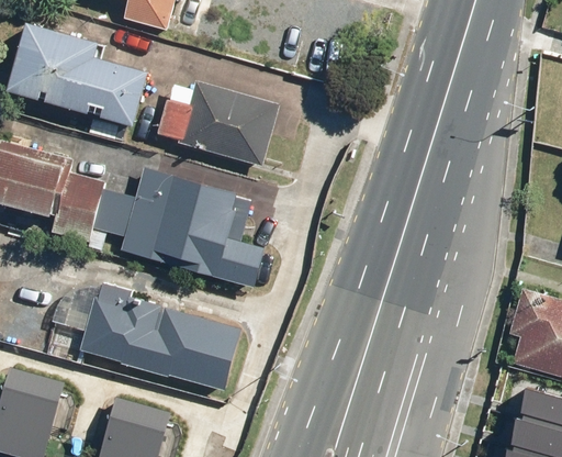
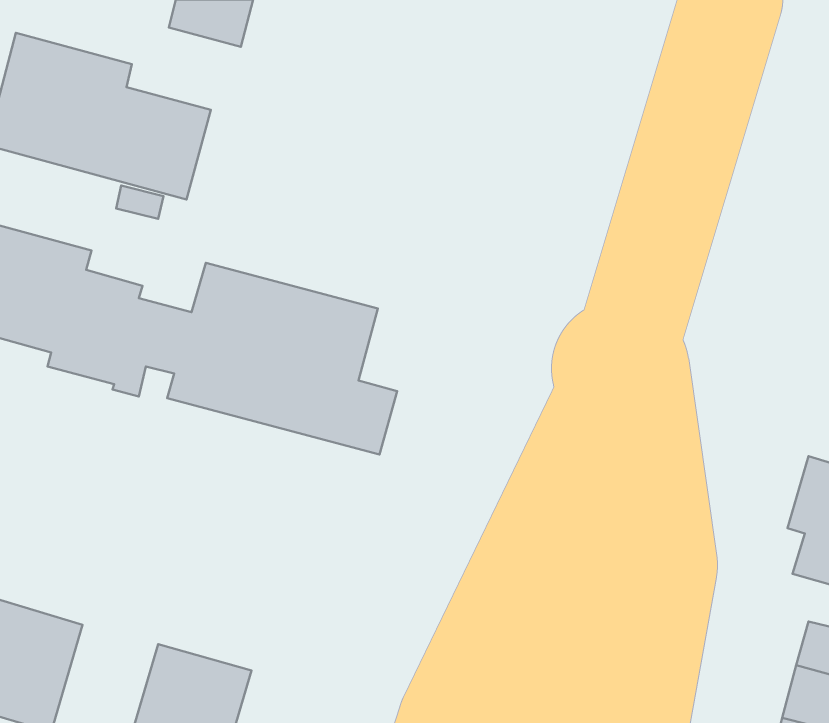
building: [158,81,279,165] -> none
building: [64,276,241,390] -> none

